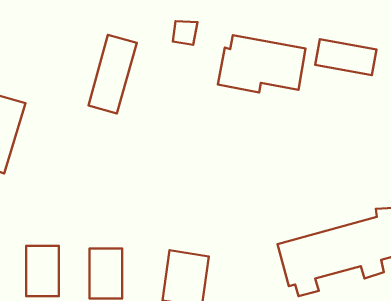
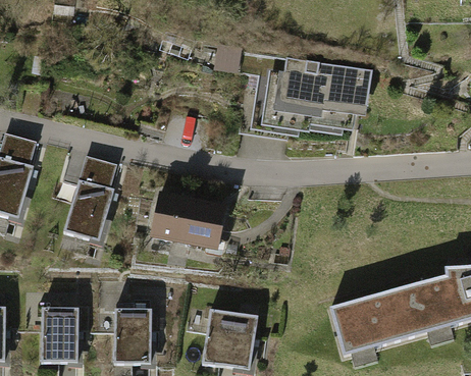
building: [89,35,137,113] -> [66,149,122,239]
building: [315,39,376,75] -> none
building: none -> [150,194,226,255]

